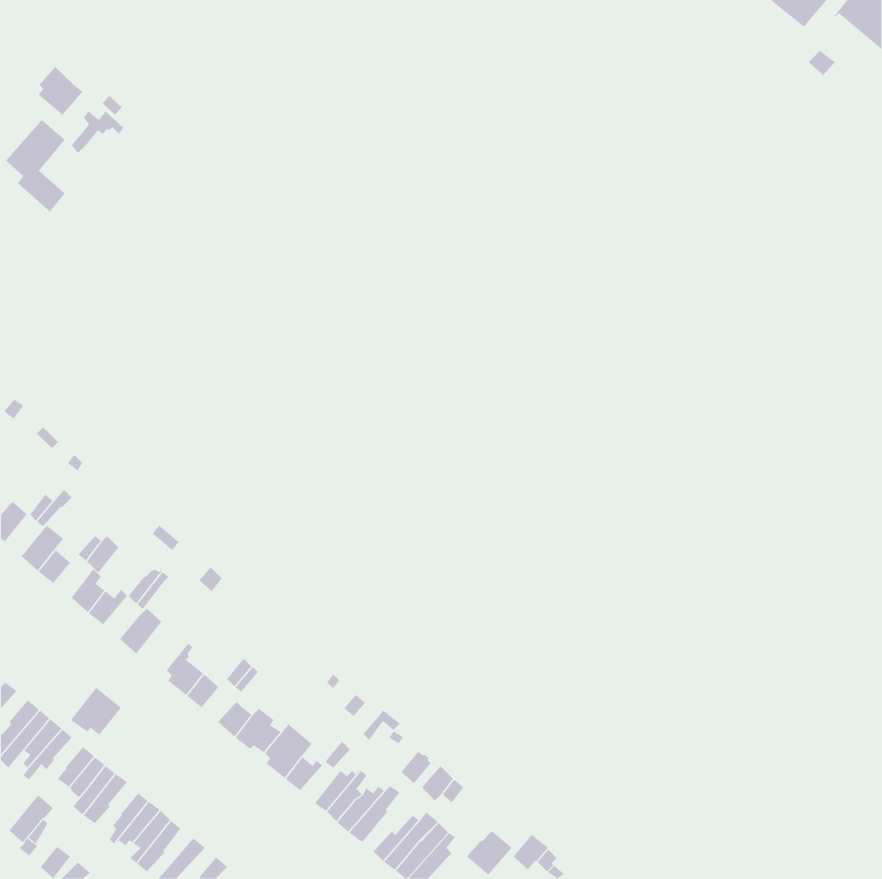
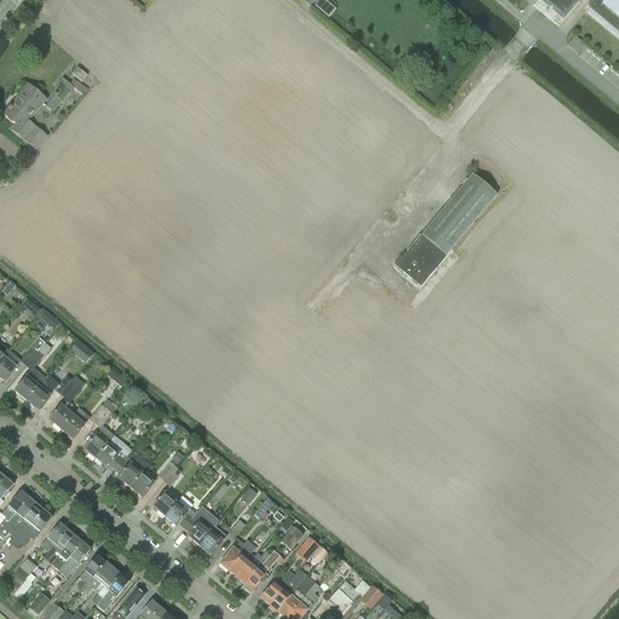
building: [38,66,83,116] -> none
building: none -> [392,174,496,287]
building: [70,687,122,735] -> [96,435,132,469]

